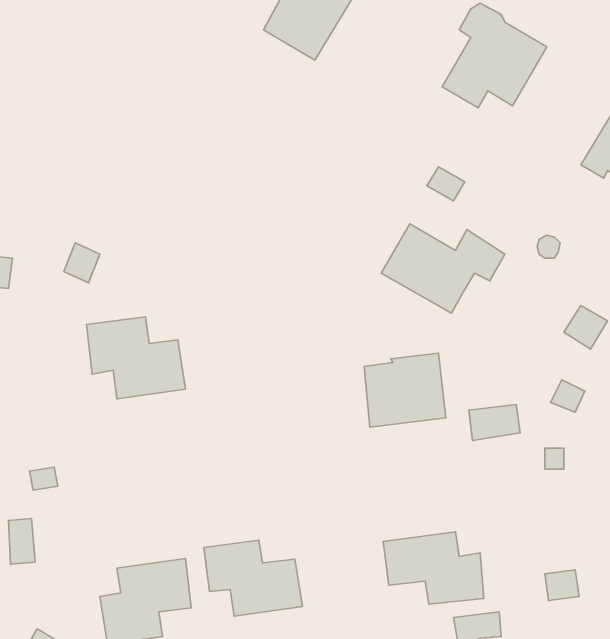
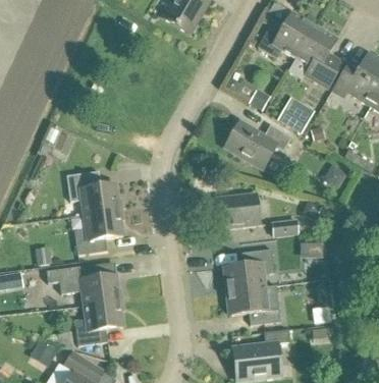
building: none -> [295,26,338,86]
building: none -> [279,99,315,133]
building: none -> [74,210,123,255]
building: none -> [224,250,275,291]
building: [204,540,303,616] -> [67,265,120,306]

